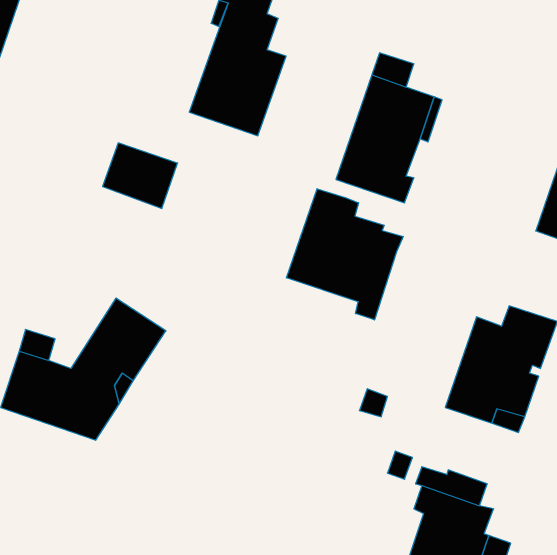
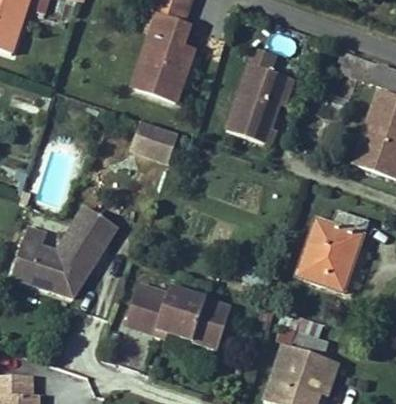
building: [103,143,178,208] -> [130,120,178,162]
building: [286,189,403,320] -> none
building: none -> [125,283,230,348]

